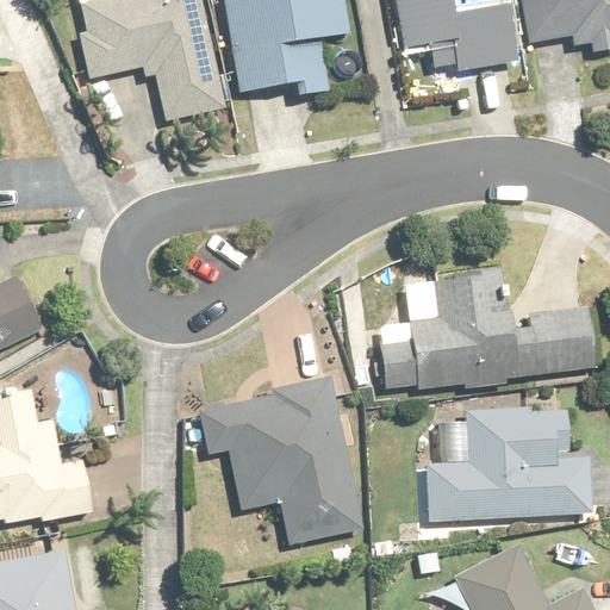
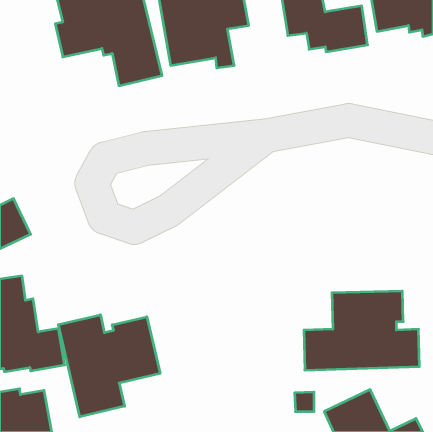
building: [376,266,595,388] -> none
building: [203,376,366,543] -> none
building: none -> [58,315,160,417]

